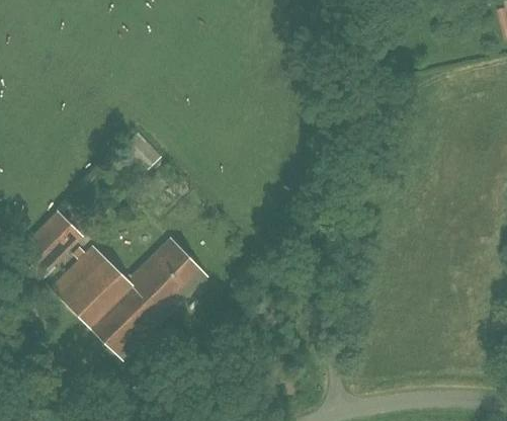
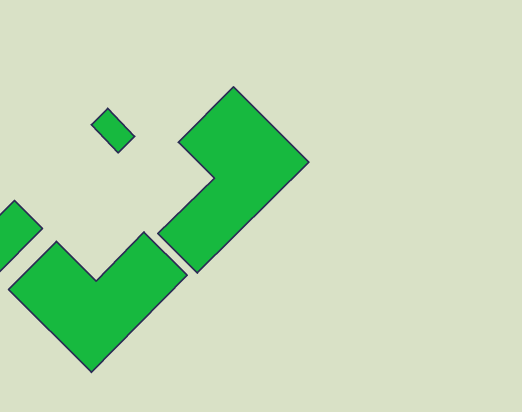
building: none -> [158,87,309,273]

